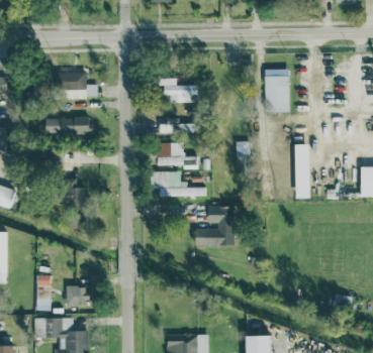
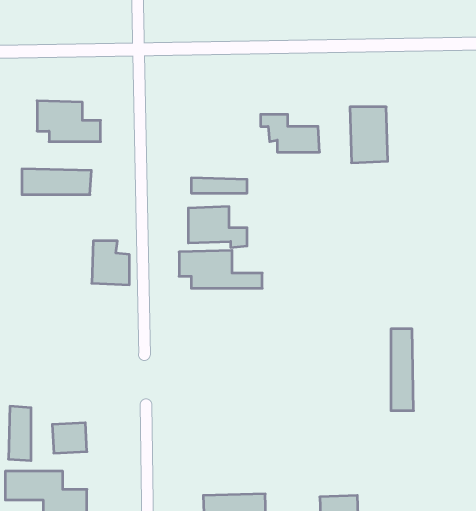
building: [158,77,197,102] -> [261,114,320,152]
building: [294,143,309,198] -> [391,329,414,411]
building: [60,178,85,207] -> [92,241,129,285]
building: [194,205,235,245] -> none

